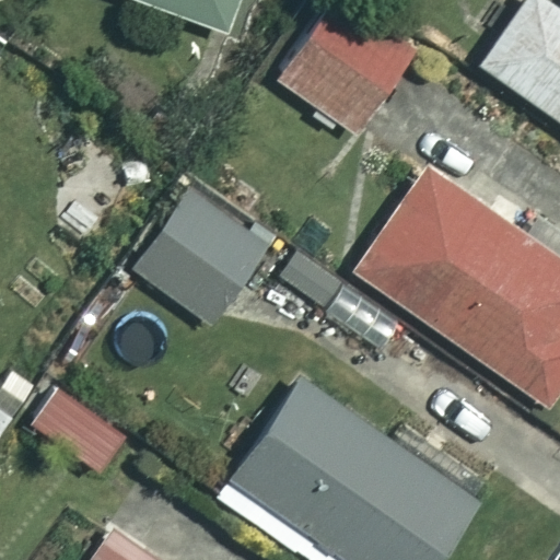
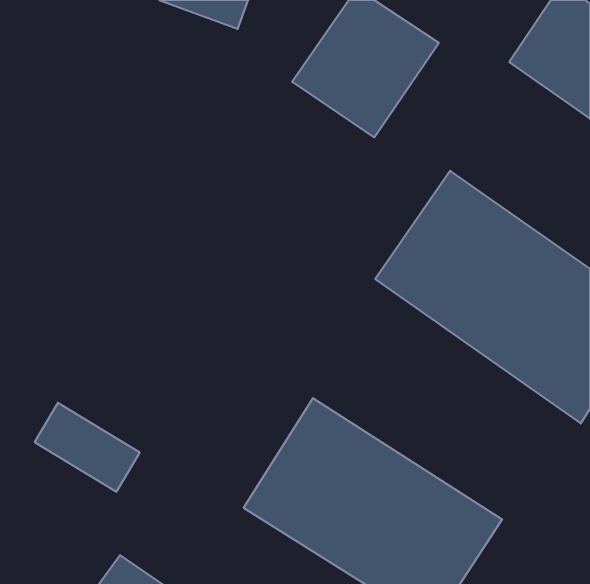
building: [131,190,268,326] -> none

